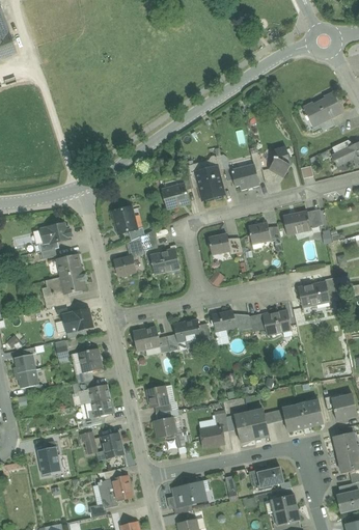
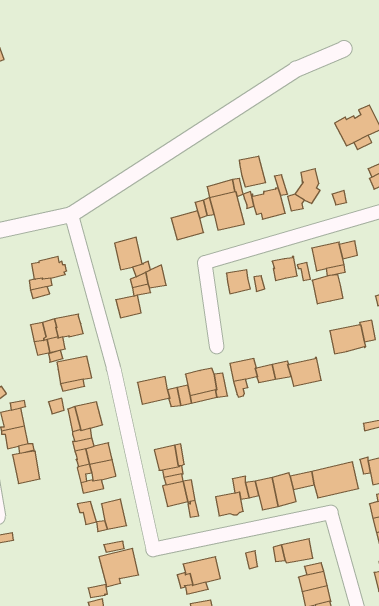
building: none -> [240,156,266,187]
building: none -> [312,274,343,304]
building: [149,248,178,274] -> none
building: [56,253,81,276] -> none
building: [36,446,60,474] -> [12,451,40,484]

